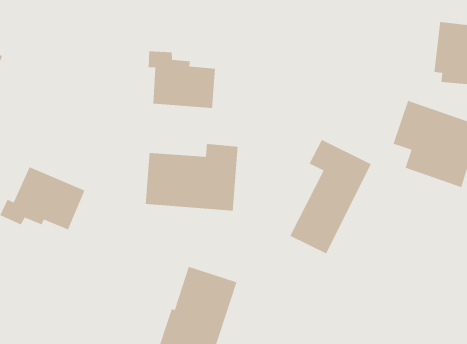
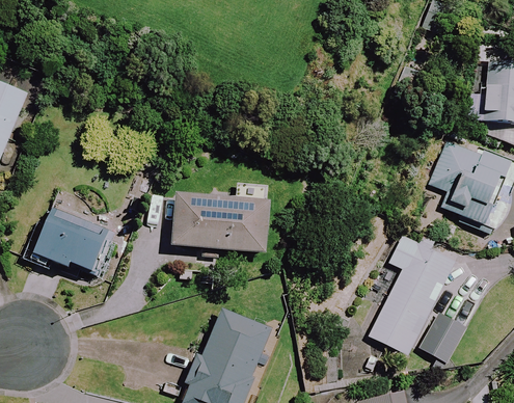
building: [148,50,216,109] -> none
building: [289,139,372,254] -> [369,236,454,355]
building: none -> [420,314,466,362]

